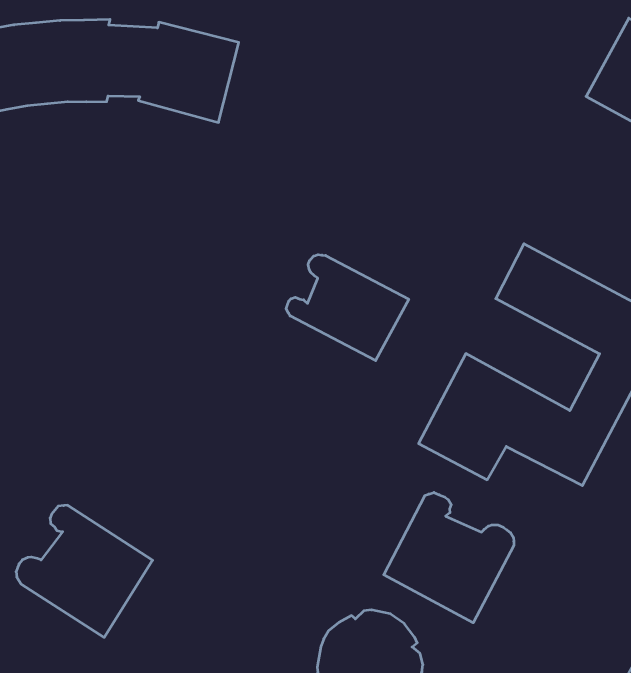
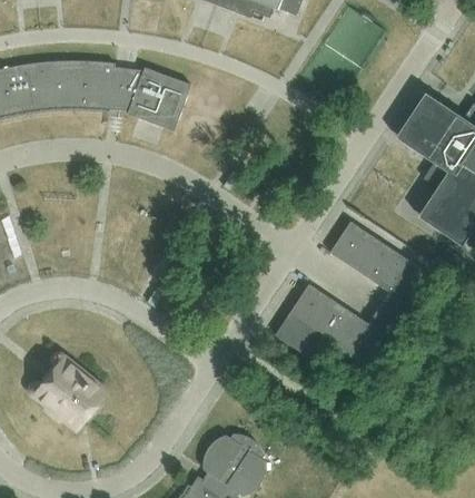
building: [286,255,409,361] -> none
building: [384,492,514,623] -> none

